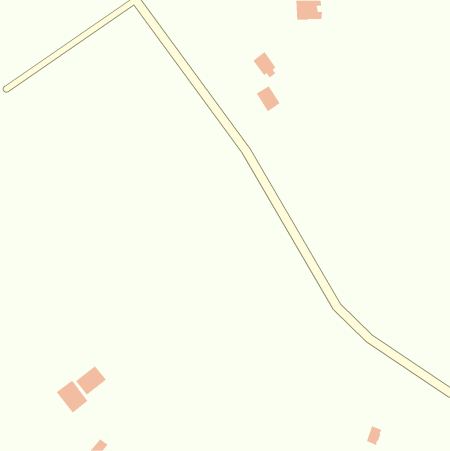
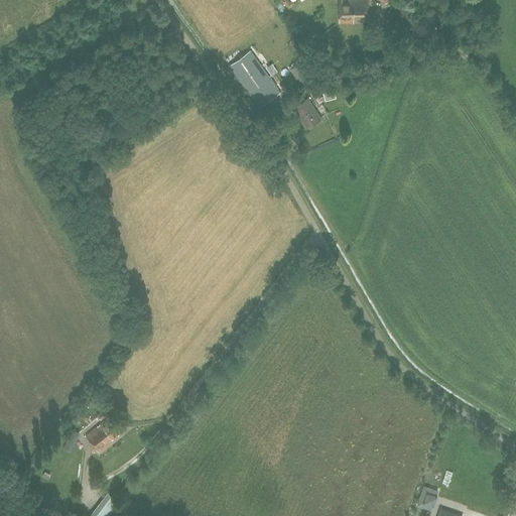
building: none -> [229,51,278,107]
building: [56,380,88,414] -> none

